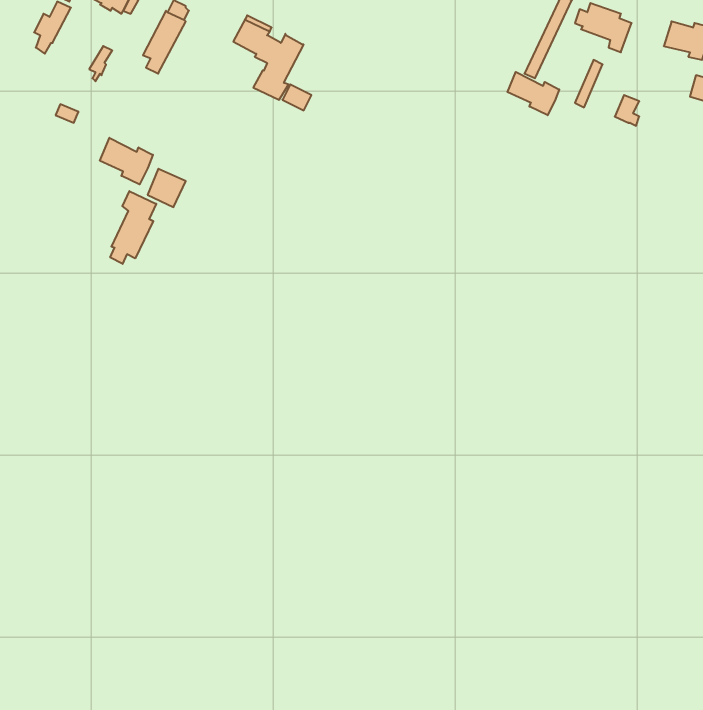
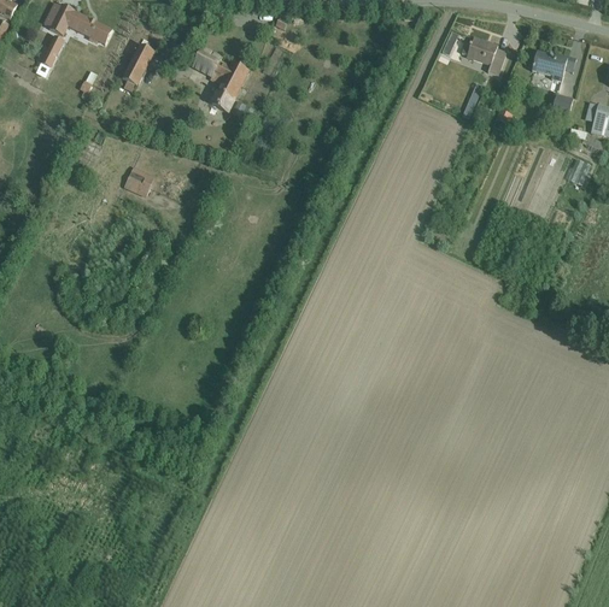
building: [507,72,559,115] -> none
building: [100,138,153,184] -> none
building: [110,191,156,264] -> none

